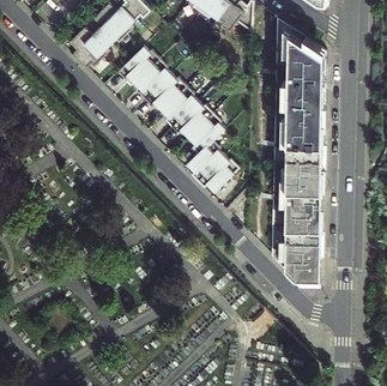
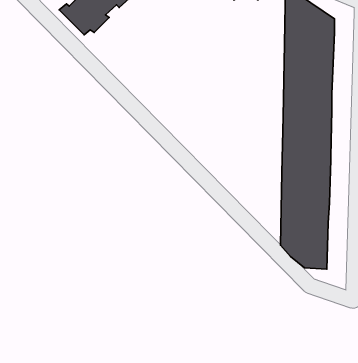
building: [119,46,240,193] -> none

